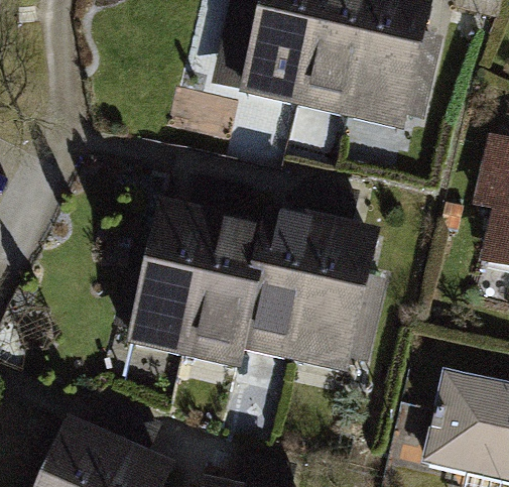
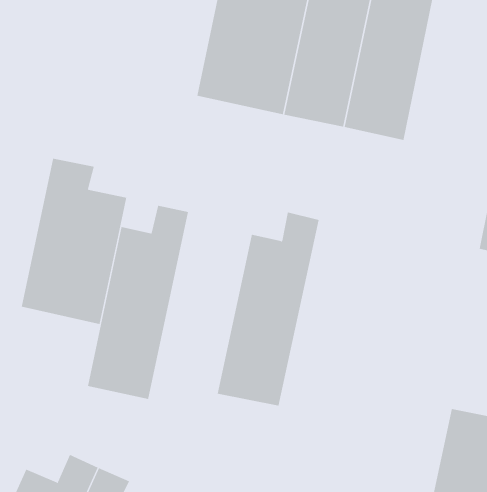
building: none -> [21,158,127,325]
building: [175,195,264,376] -> none
building: [293,202,381,382] -> none

